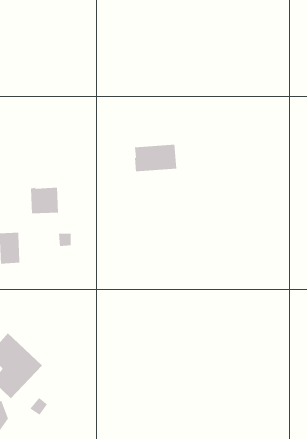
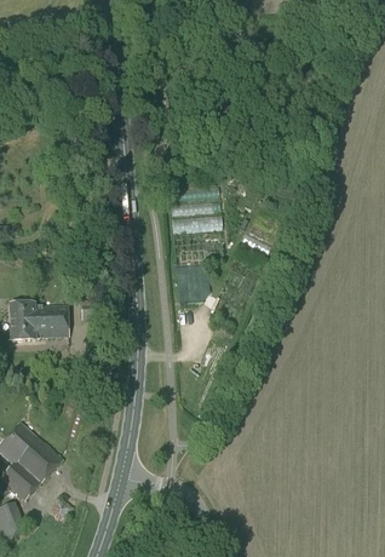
building: [30,187,59,214] -> [34,305,68,337]
building: none -> [174,264,207,303]

